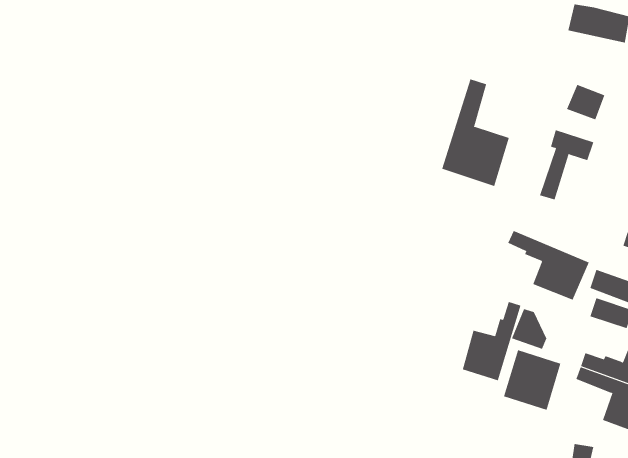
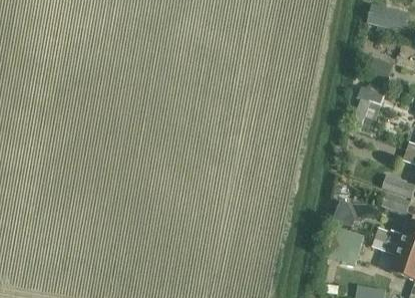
building: [441,79,510,187] -> none
building: [508,230,589,300] -> none
building: [462,301,521,381] -> none

